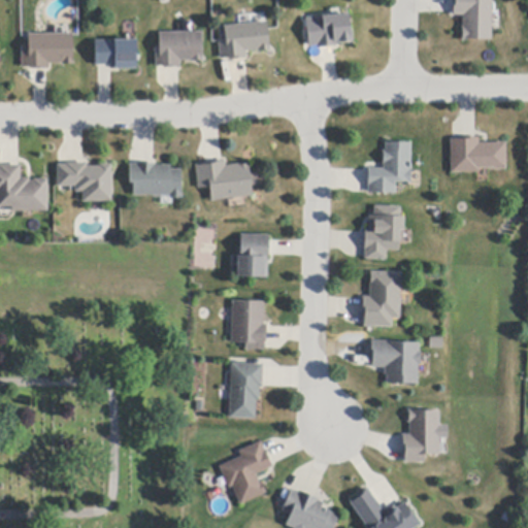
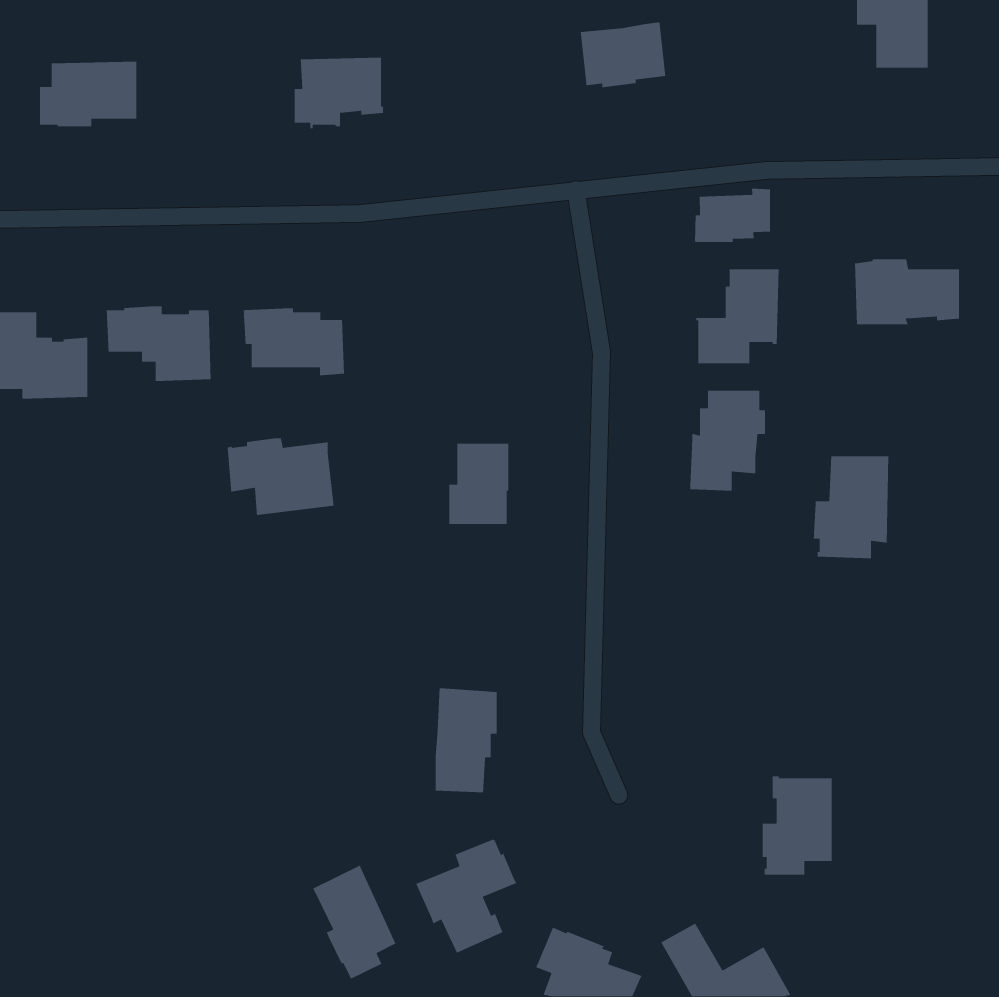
building: [217,20,269,59] -> none
building: [94,38,136,68] -> none
building: none -> [694,188,771,243]
building: [195,159,252,200] -> [227,438,334,516]
building: [360,271,400,326] -> [813,455,889,559]
building: [230,299,266,349] -> none
building: [370,339,420,384] -> none
building: none -> [312,865,397,980]

